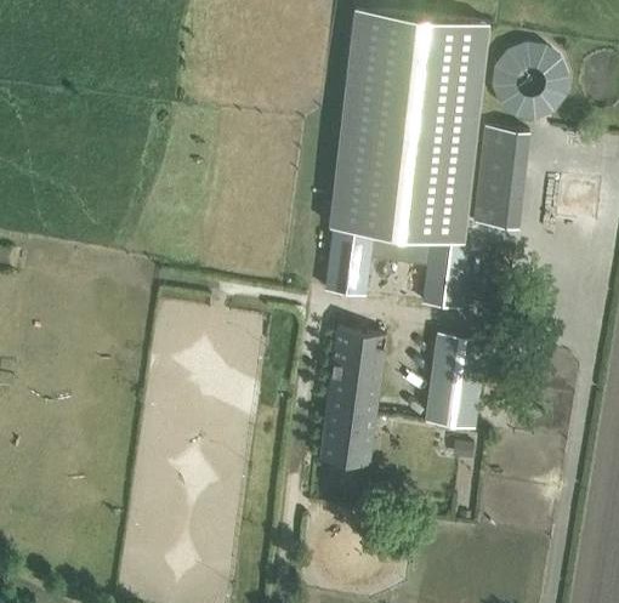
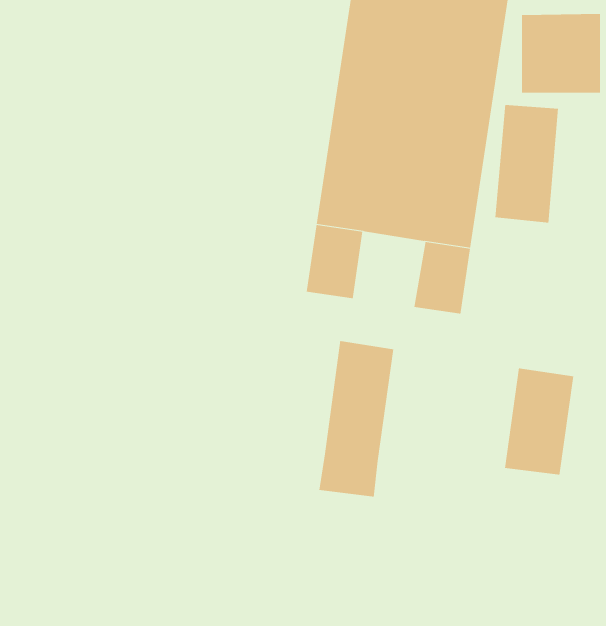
building: [428,335,489,428] -> [504,368,574,475]

